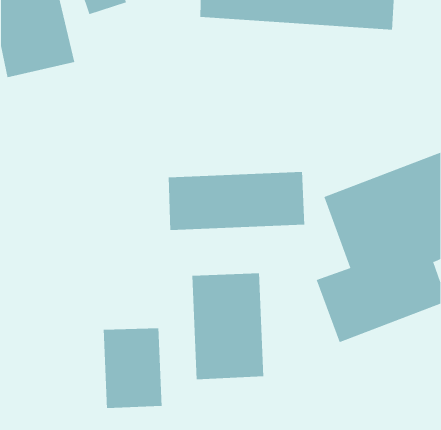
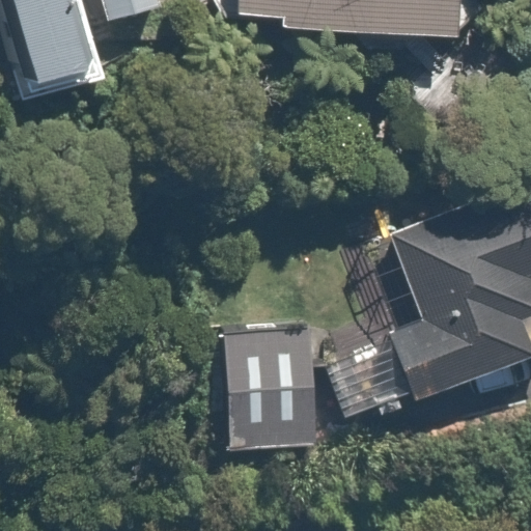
building: [168,171,305,231] -> none
building: [103,327,162,409] -> none

